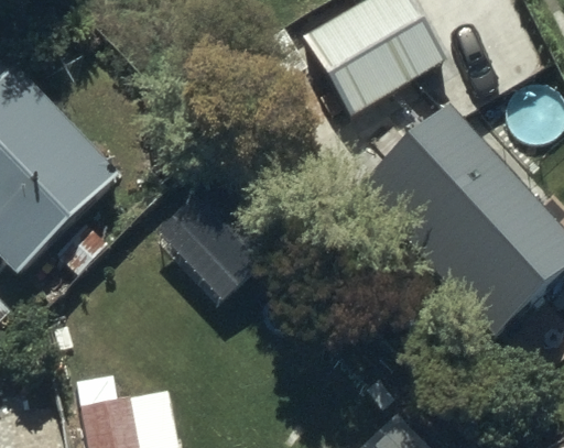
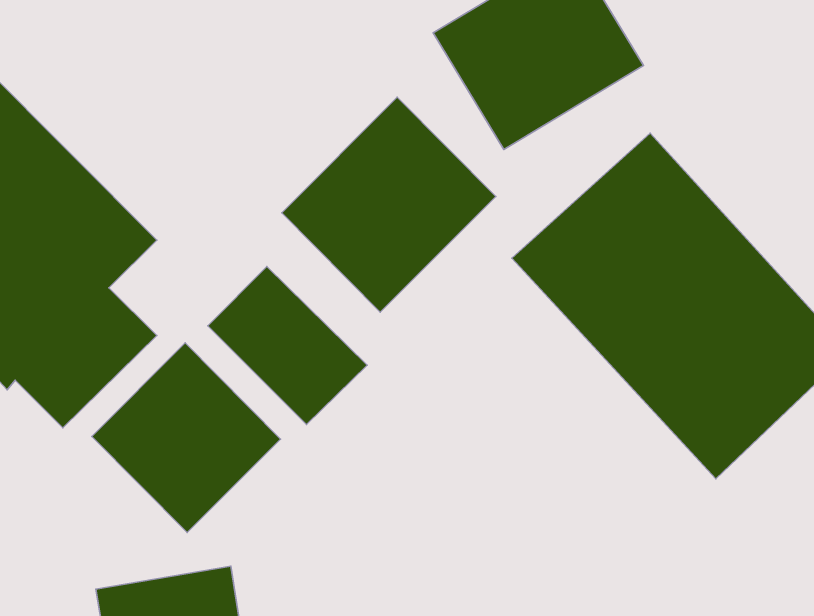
building: none -> [282,97,496,312]
building: none -> [92,343,281,533]

